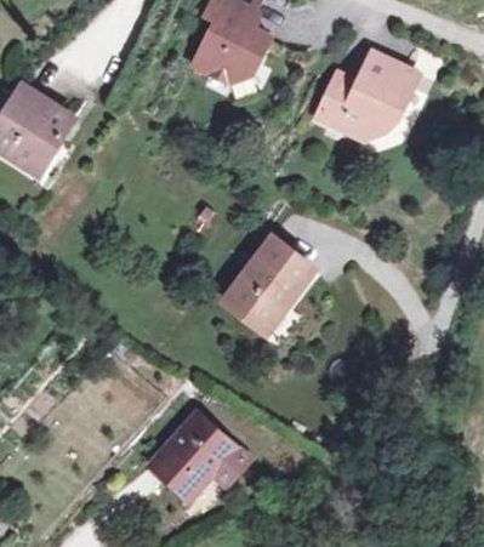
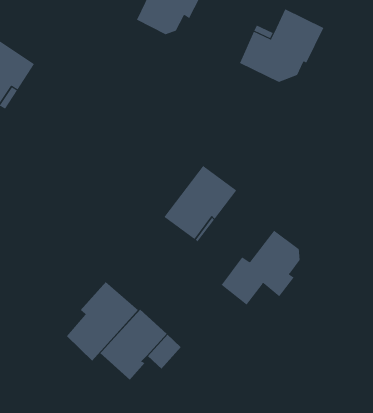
building: none -> [221,230,300,306]
building: none -> [66,281,139,362]

